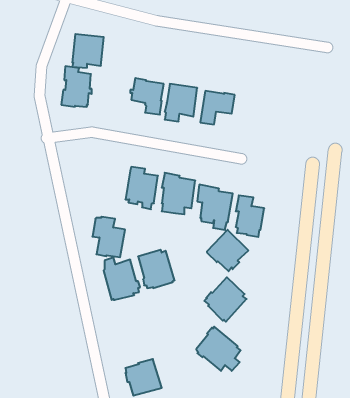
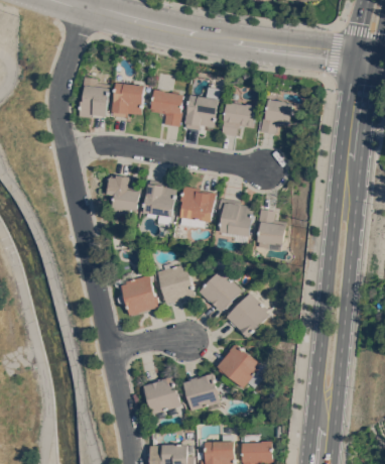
building: [72,34,104,68] -> [112,83,144,117]
building: none -> [259,99,291,133]
building: [92,217,125,257] -> [108,175,141,216]
building: [207,230,248,271] -> [199,269,241,312]
building: none -> [183,373,220,411]

